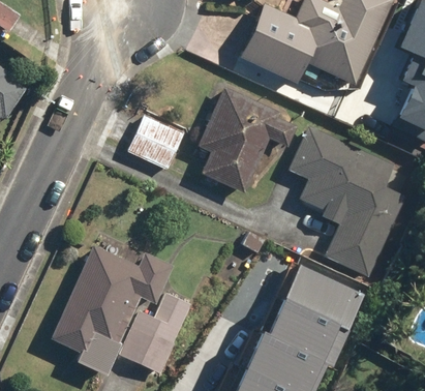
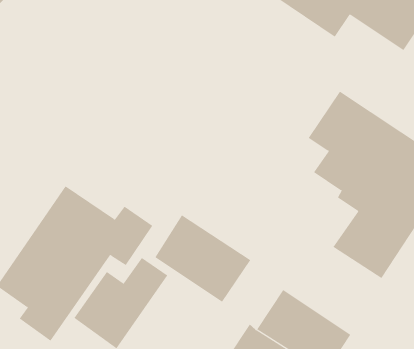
building: [195,86,296,193] -> none
building: [127,113,184,170] -> none
building: [287,261,368,328] -> [154,214,251,303]

